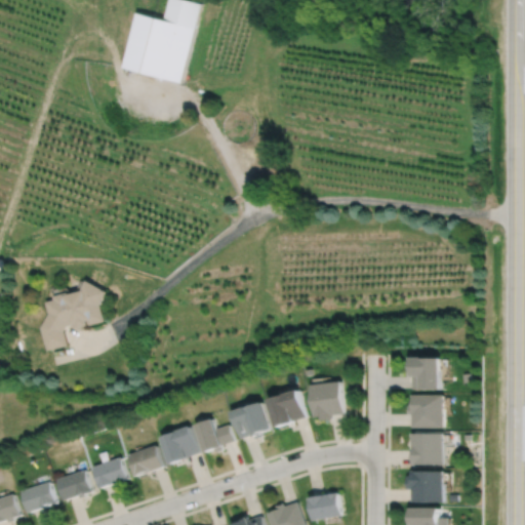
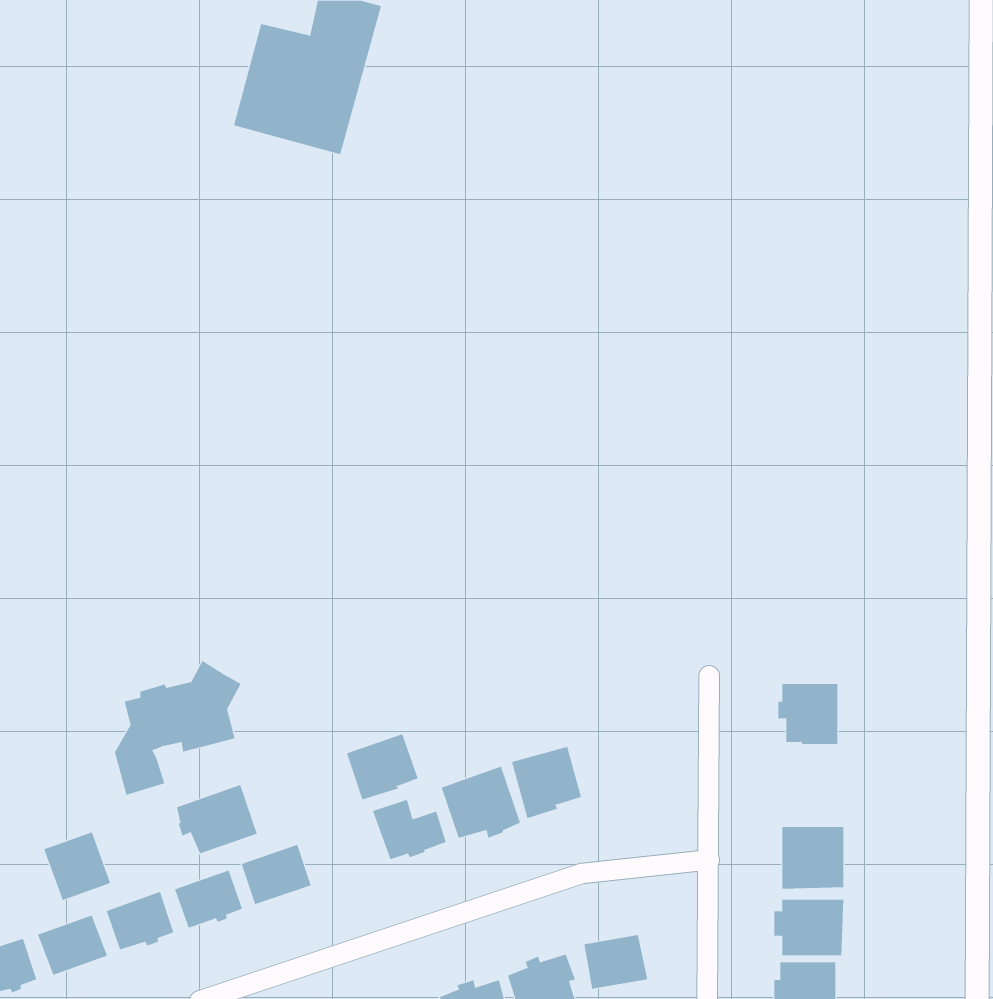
building: [39,281,106,352] -> [114,660,241,795]
building: [308,382,342,421] -> none
building: [406,396,442,429] -> none
building: none -> [176,784,257,854]
building: [160,428,198,462] -> [346,733,419,800]
building: none -> [44,832,111,901]

